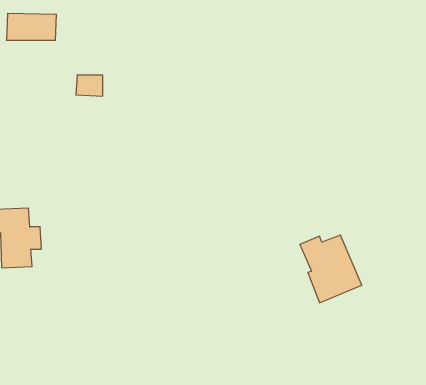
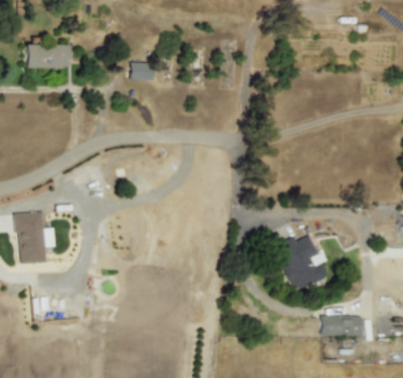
building: [76,75,103,96] -> [131,62,154,80]
building: none -> [321,315,363,336]

